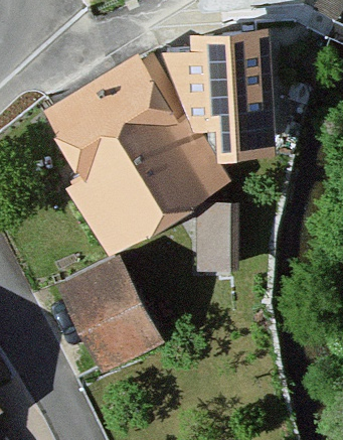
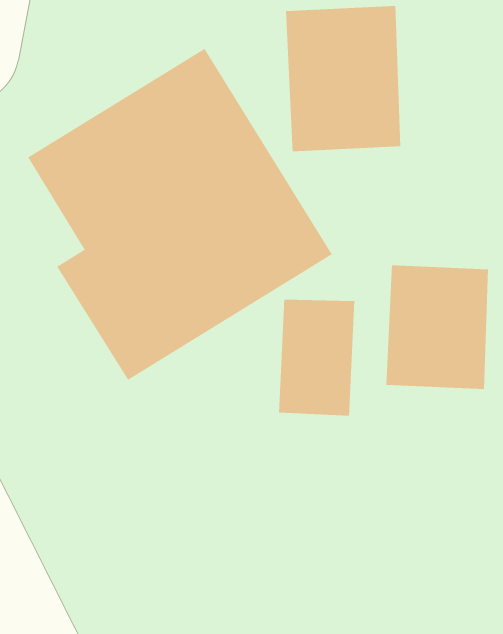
building: none -> [386,264,489,390]
building: [57,255,162,372] -> none

